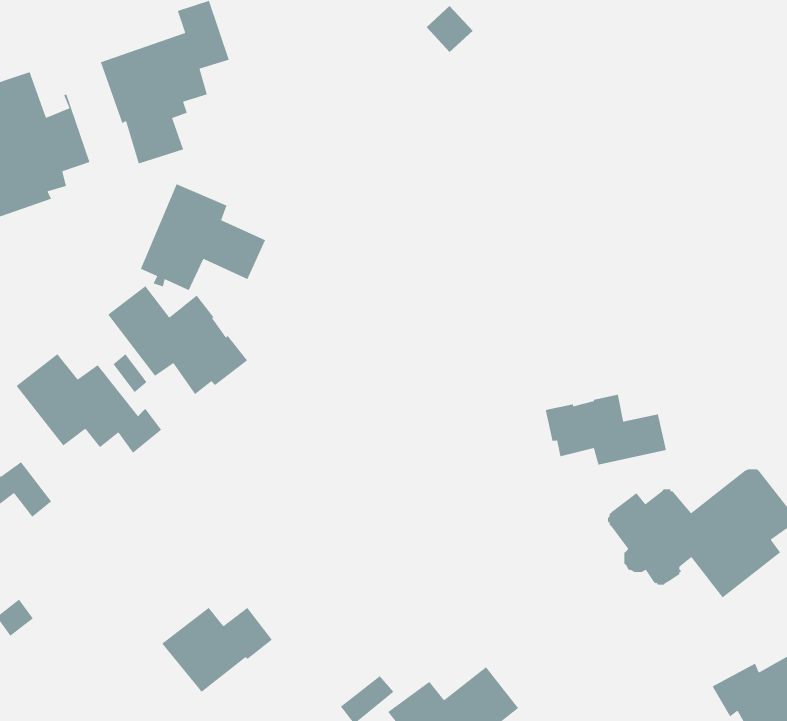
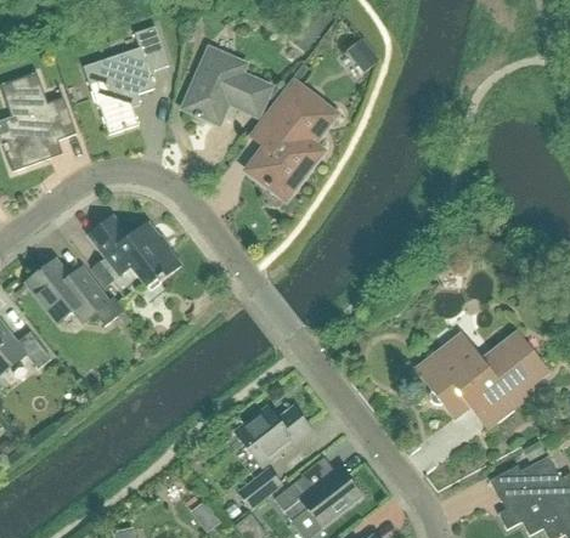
building: none -> [249,83,334,197]
building: [140,183,266,291] -> [185,49,269,120]
building: [545,394,667,466] -> none
building: [161,607,273,693] -> [236,407,310,464]

